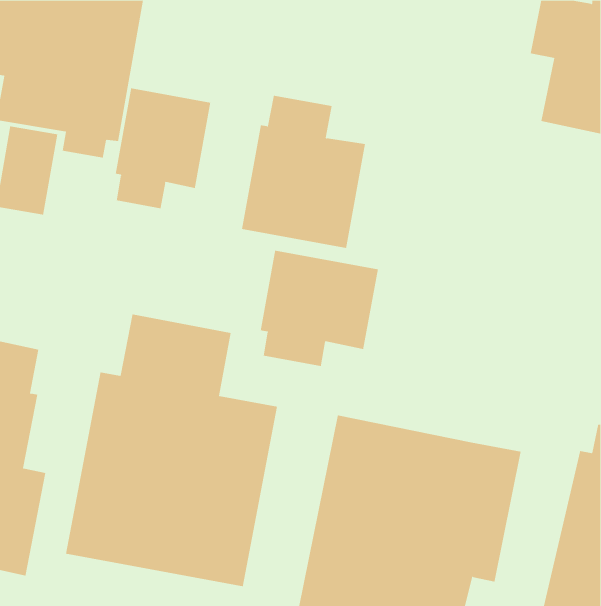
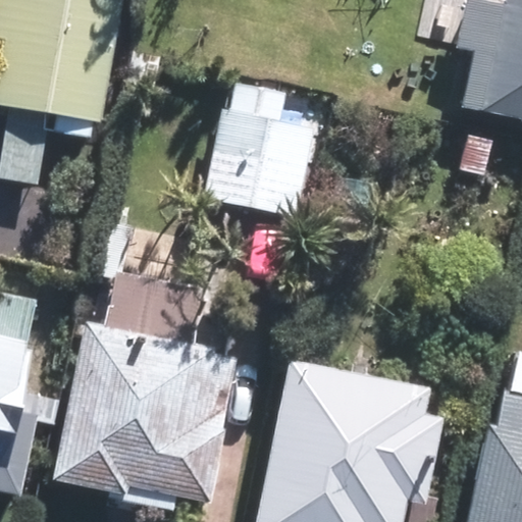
building: [115,88,211,209] -> none
building: [260,250,378,367] -> none

